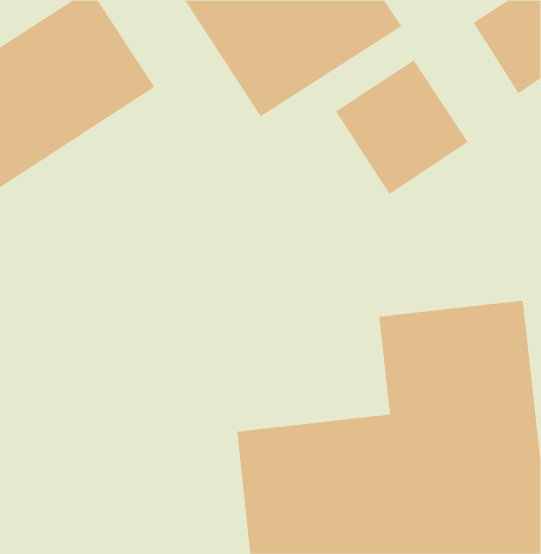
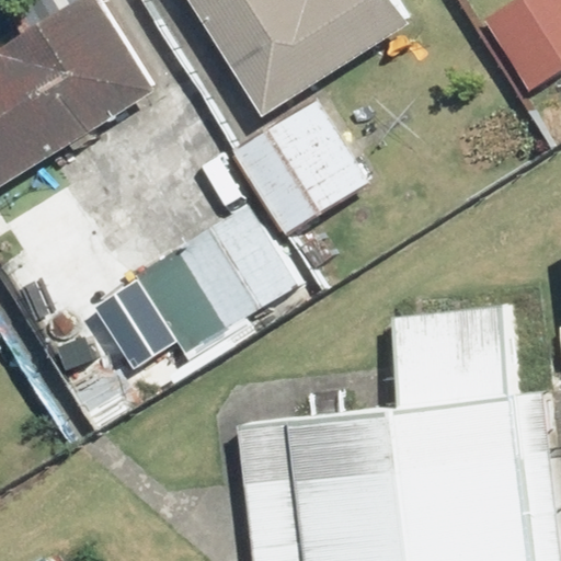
building: [335,59,468,195] -> [234,101,369,238]
building: none -> [131,205,295,355]

